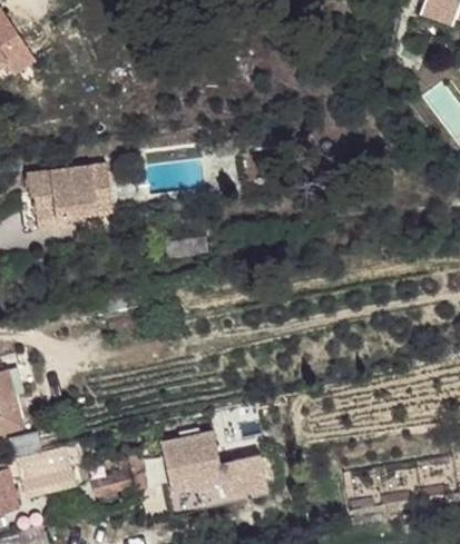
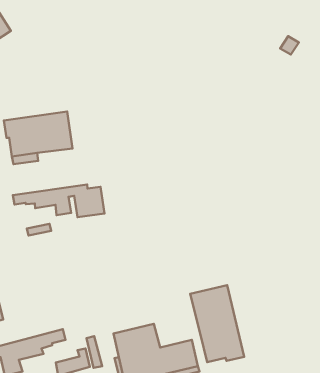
building: none -> [13,184,105,217]
building: none -> [190,285,244,362]

